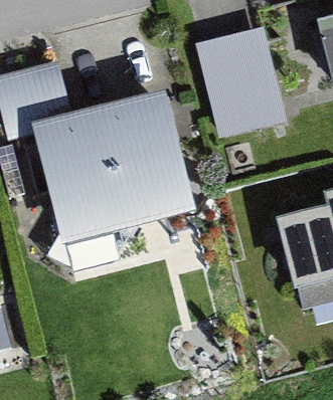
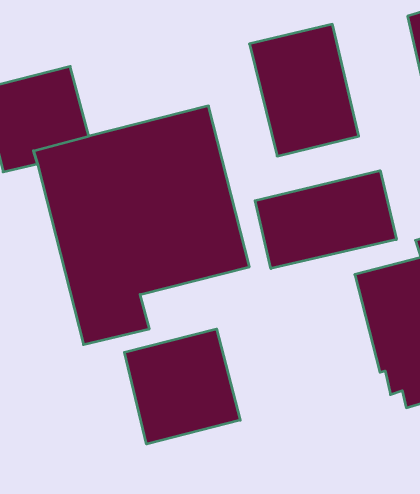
building: none -> [255,171,396,269]
building: none -> [124,329,240,444]

